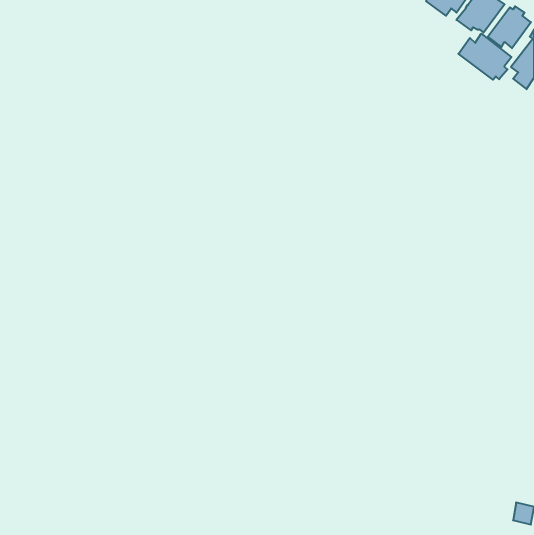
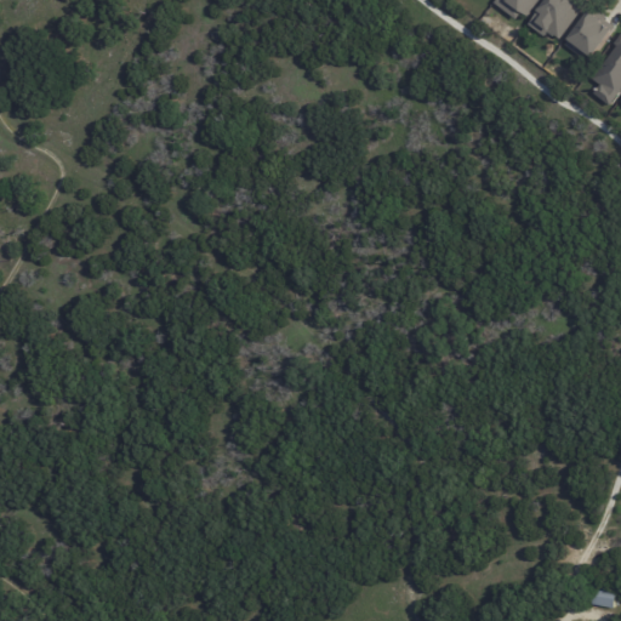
building: [458,34,511,80] -> none

